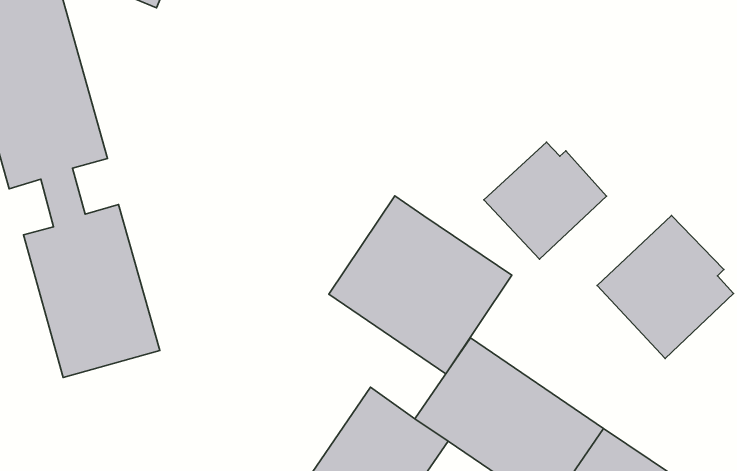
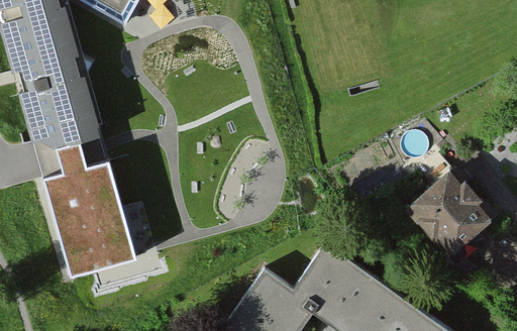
building: [484,142,607,259] -> none
building: [329,196,512,374] -> none

